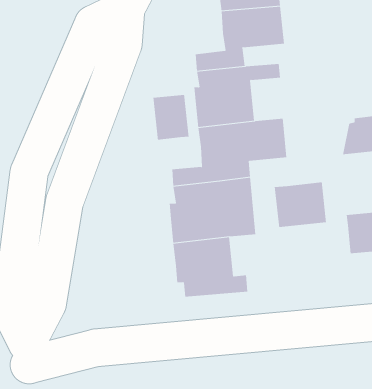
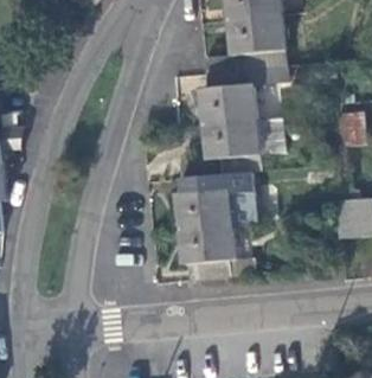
building: [153,94,189,140] -> none
building: [274,181,327,228] -> none

